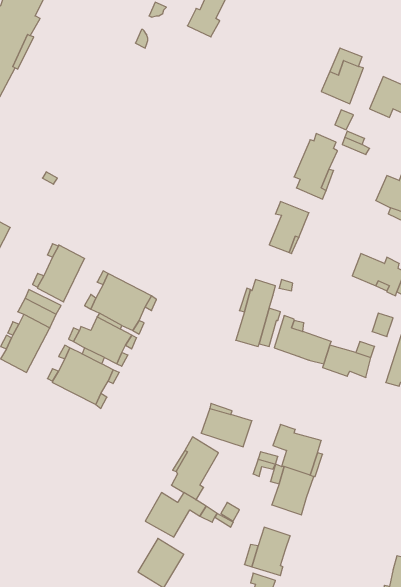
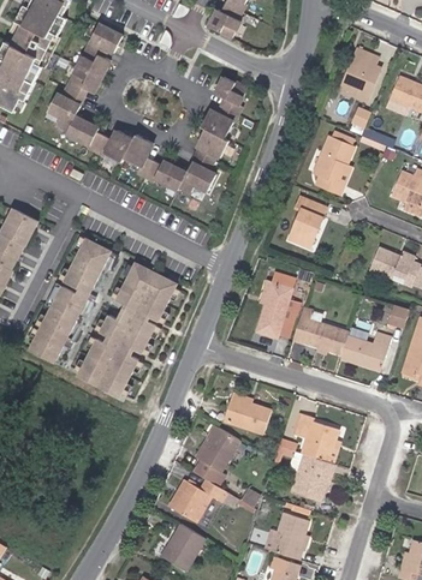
building: none -> [48,24,246,193]

